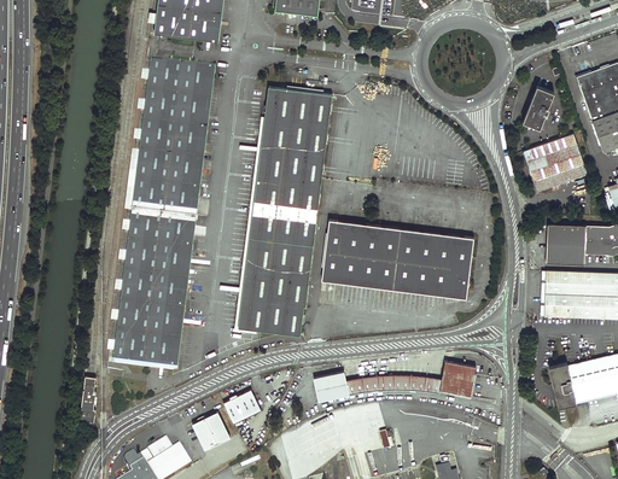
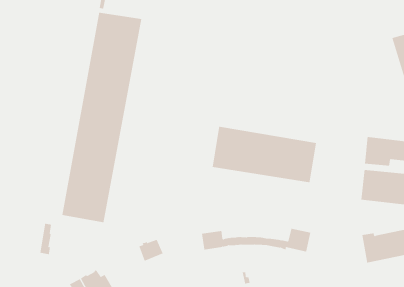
building: [524,86,554,128] -> none
building: [238,87,331,335] -> none
building: [523,133,588,191] -> none
building: [192,410,232,450] -> none

